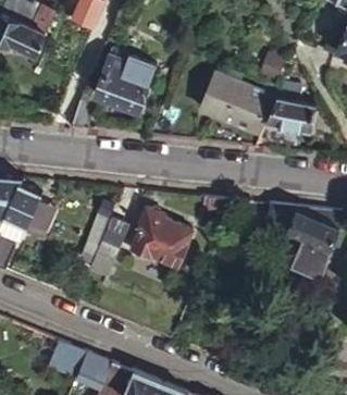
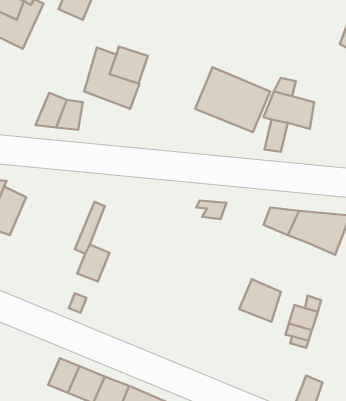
building: [128,209,189,268] -> none
building: [292,238,331,279] -> [239,279,281,322]

